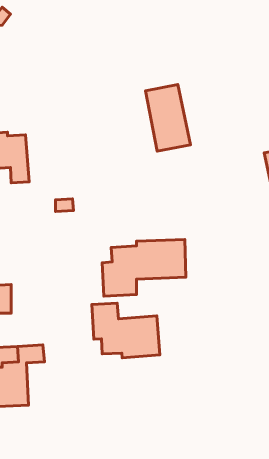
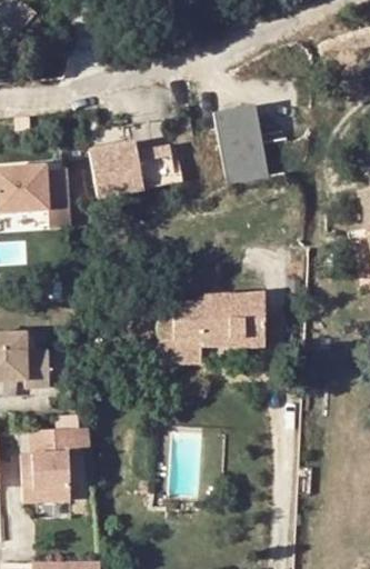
building: none -> [89,144,176,198]
building: [92,303,160,358] -> none

